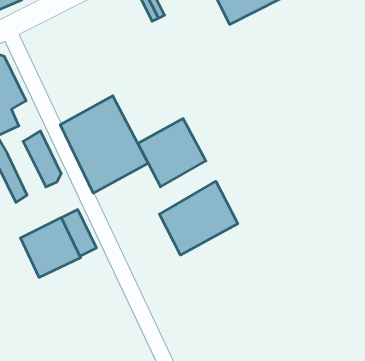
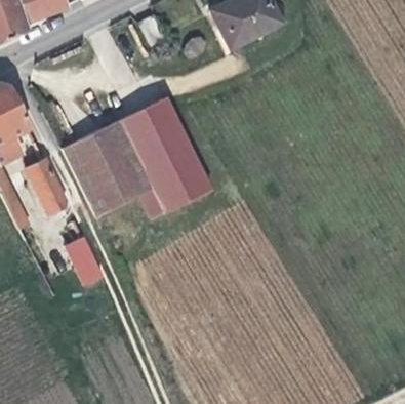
building: none -> [116,97,186,169]
building: [159,181,238,255] -> none
building: [20,218,81,277] -> none

